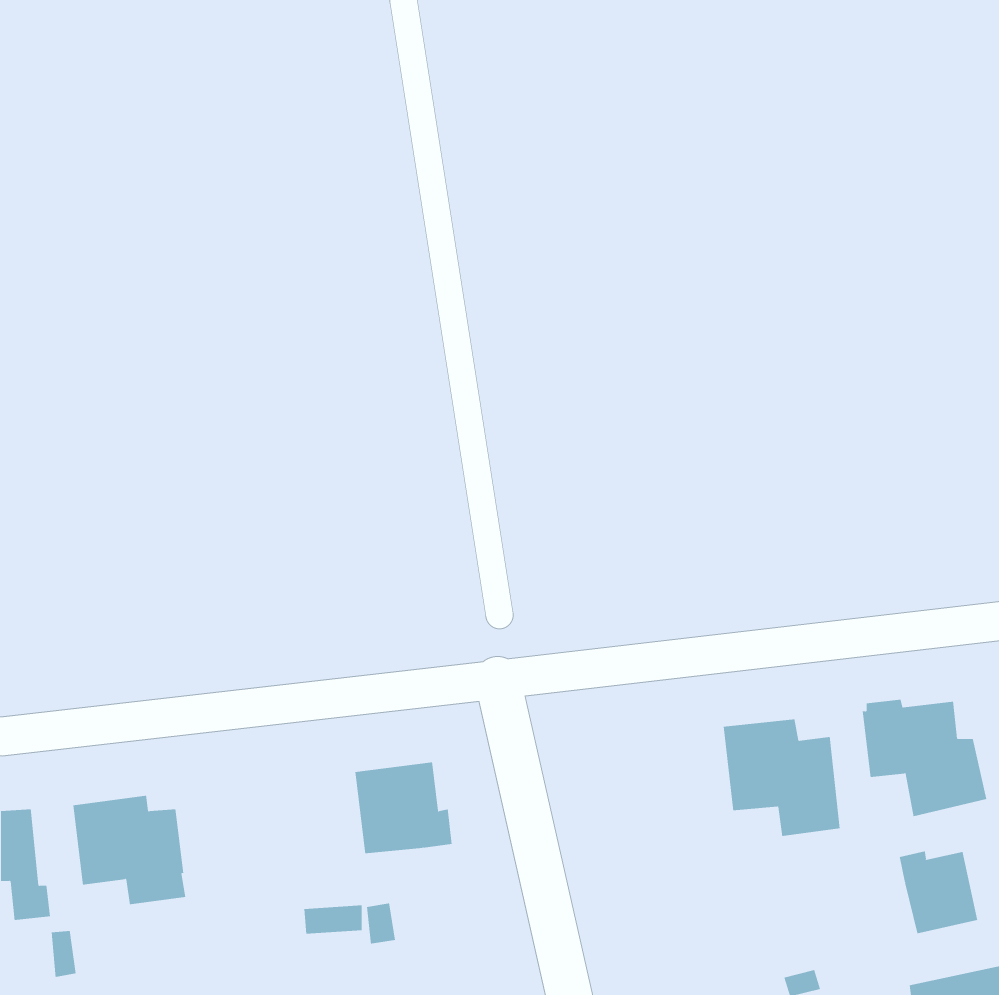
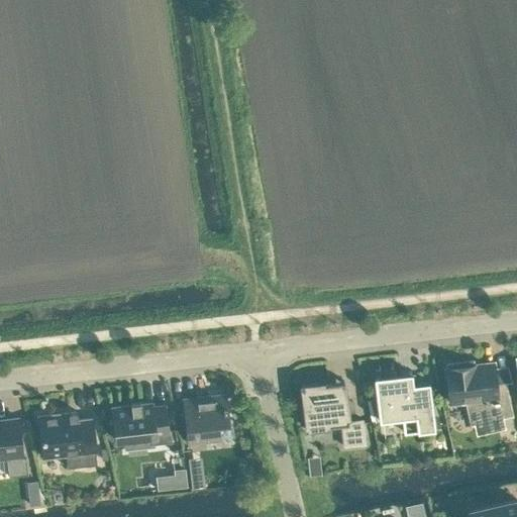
building: none -> [299,382,366,447]
building: none -> [109,403,172,451]
building: [899,850,978,934] -> none

